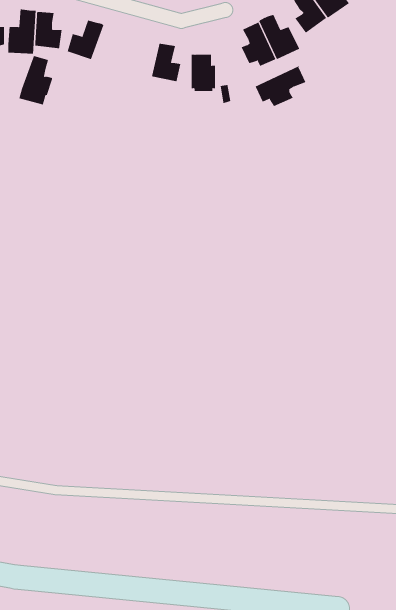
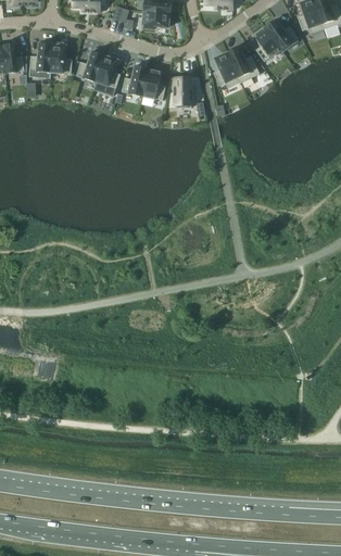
building: none -> [122,64,149,96]
building: [19,54,53,105] -> [93,54,121,94]
building: [254,66,306,107] -> none

